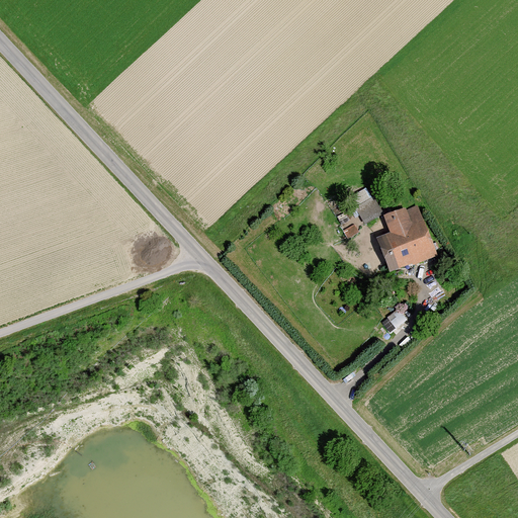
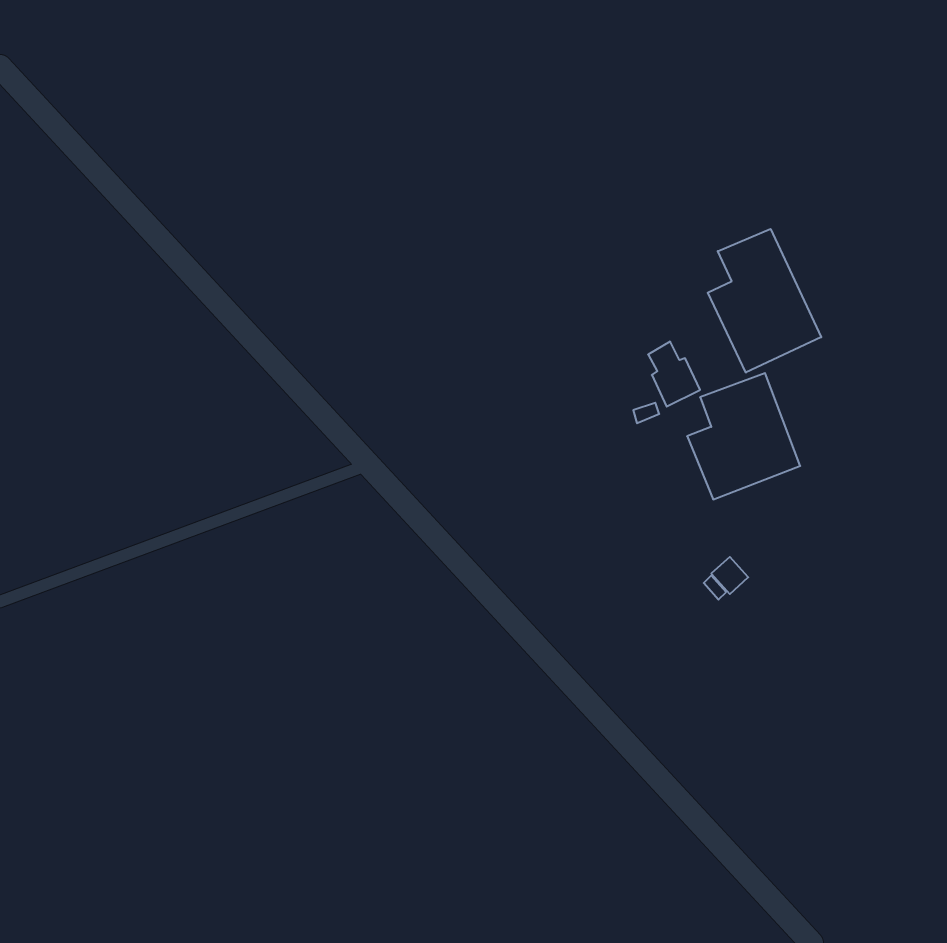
building: none -> [708,229,821,373]

